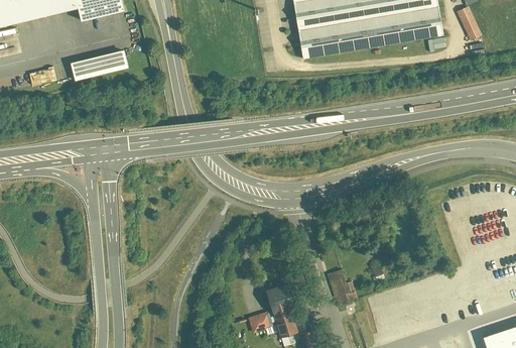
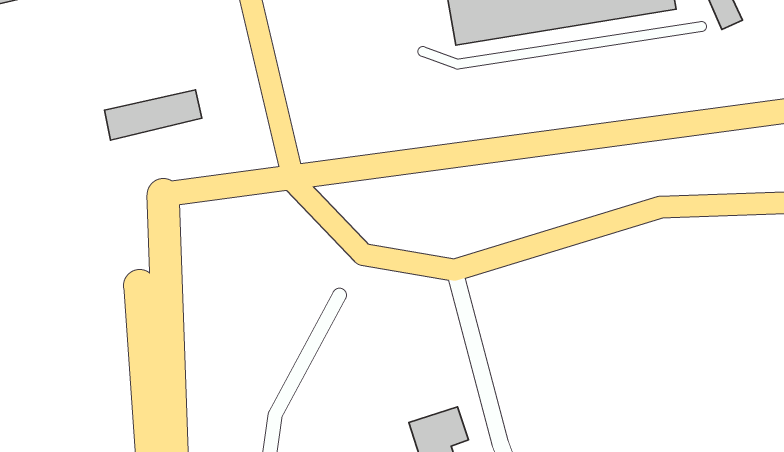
building: [69,48,131,81] -> [104,90,202,140]
building: [328,269,358,304] -> none

